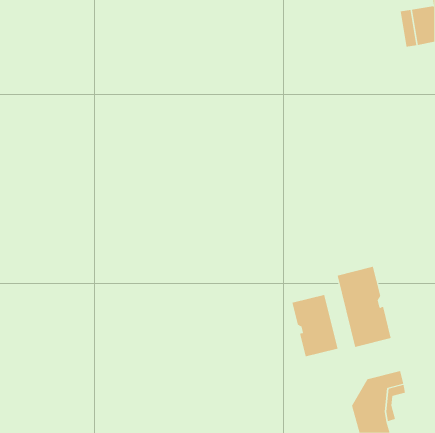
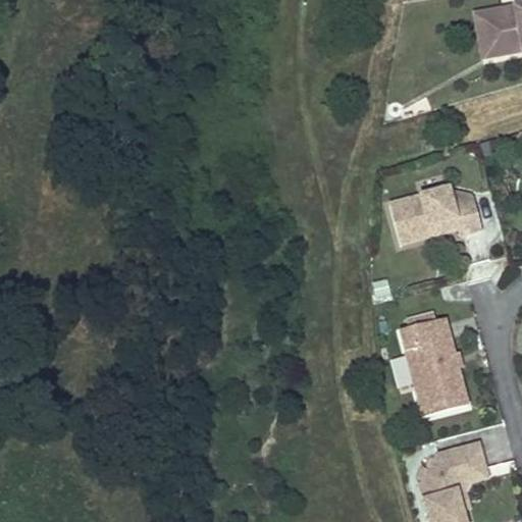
building: none -> [390,187,482,242]
building: [292,294,338,357] -> none

